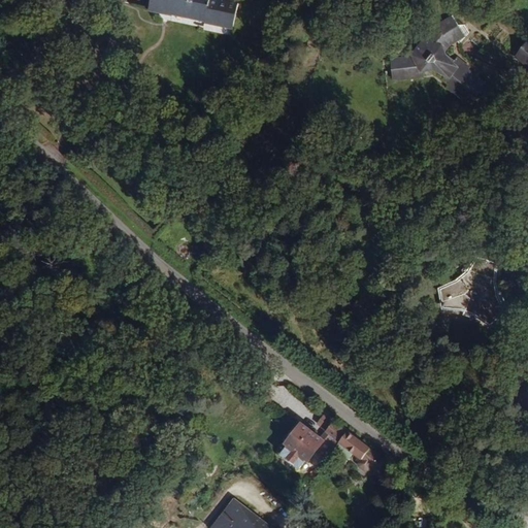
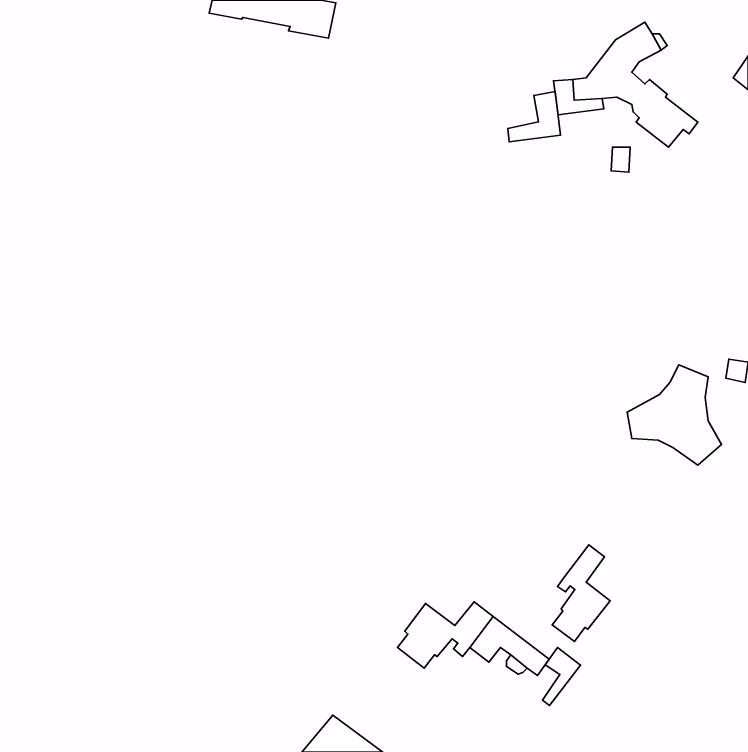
building: none -> [508,92,561,142]
building: none -> [552,545,610,641]
building: none -> [543,647,581,706]

